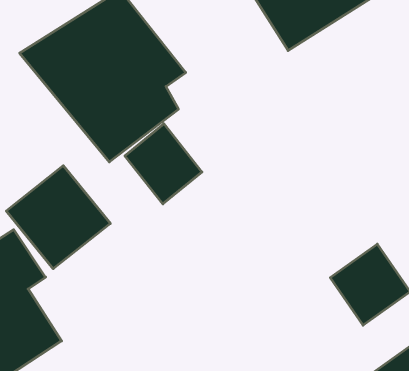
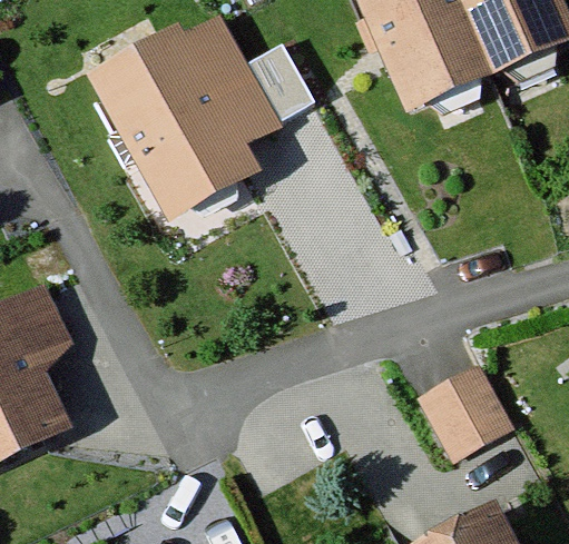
building: [125,124,202,204] -> none
building: [6,166,110,269] -> none

